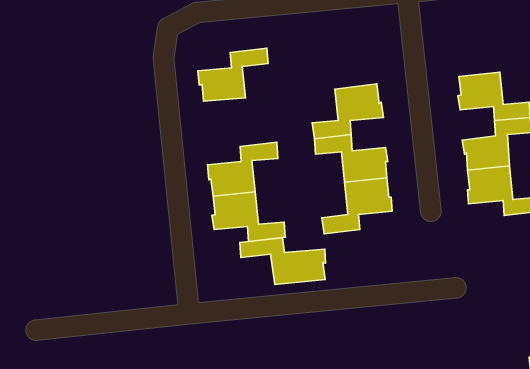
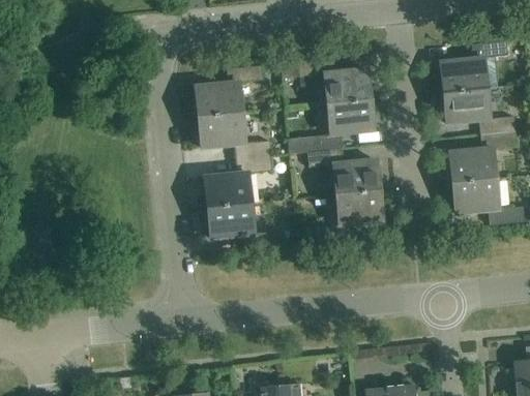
building: none -> [441,41,508,92]
building: none -> [298,59,369,104]
building: none -> [201,113,271,159]
building: [240,238,326,285] -> none

